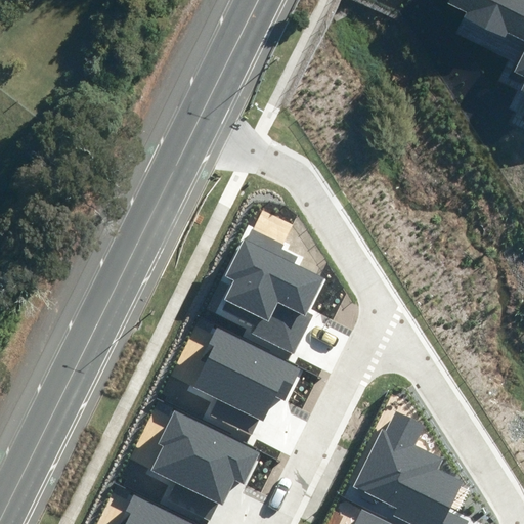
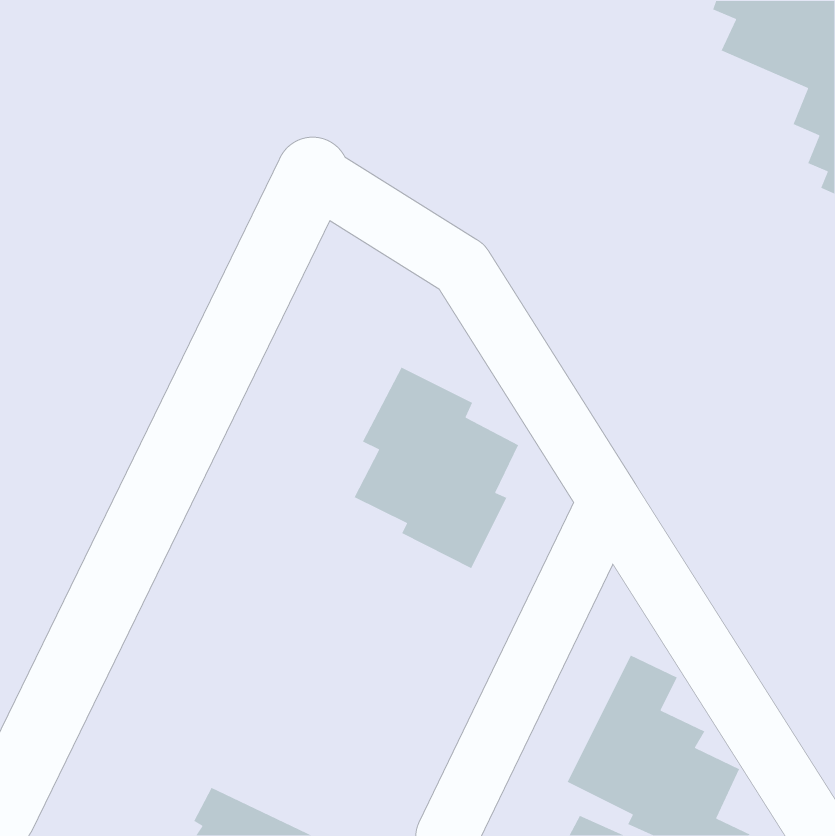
building: [194,326,300,418] -> none
building: [151,411,257,503] -> none

